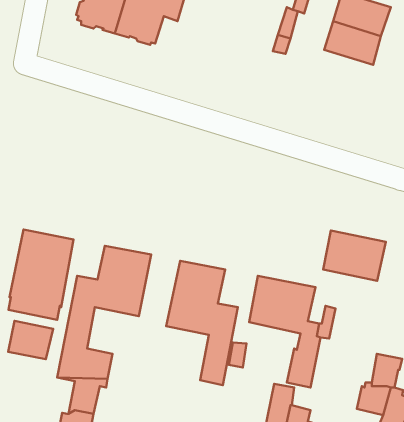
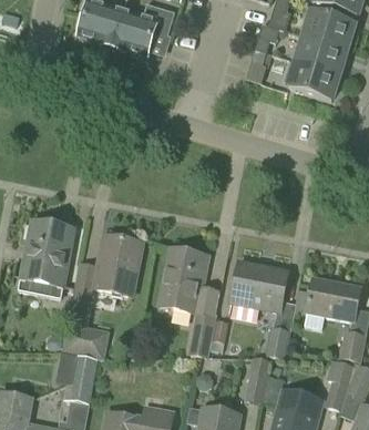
building: none -> [284,61,340,99]
building: [323,231,386,281] -> [306,277,361,321]
building: [8,321,53,359] -> none

